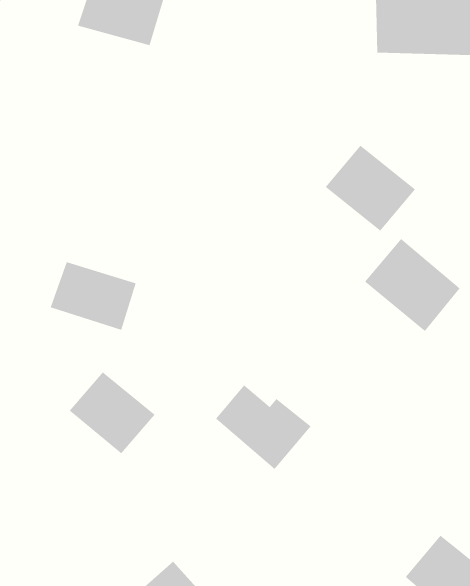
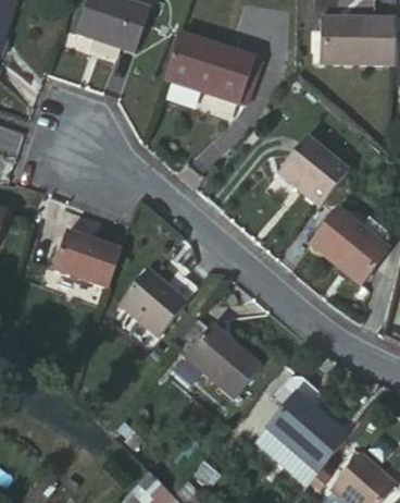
building: none -> [163,32,253,100]
building: [69,371,155,454] -> [120,266,189,332]
building: none -> [262,385,354,477]

